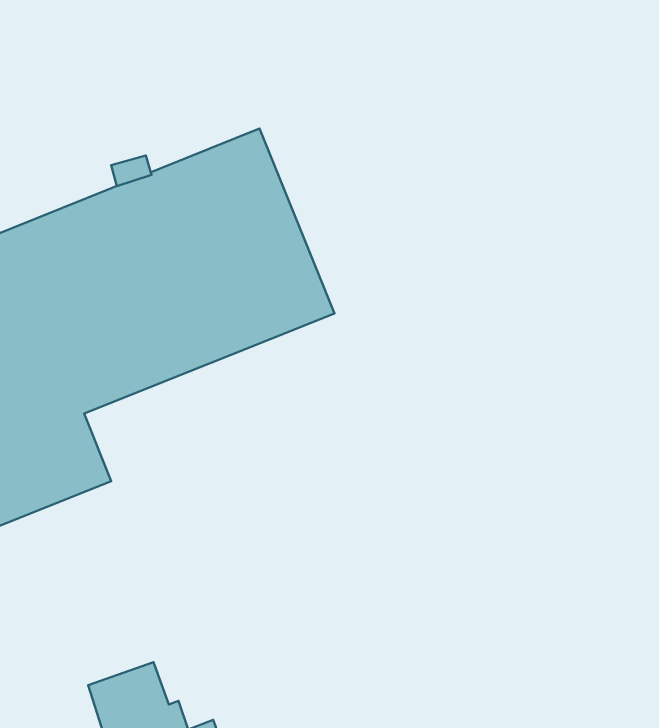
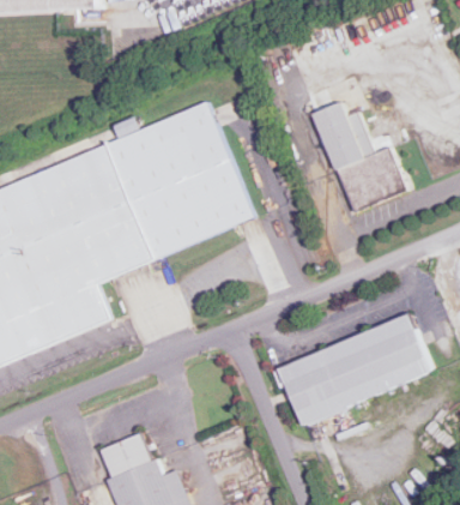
building: none -> [314,103,405,212]
building: none -> [278,314,431,426]

